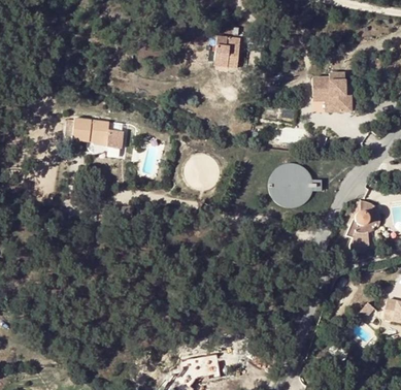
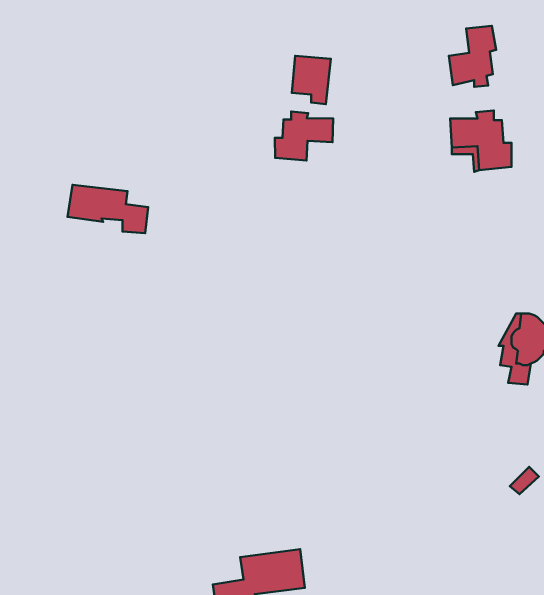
building: none -> [449,26,496,87]
building: none -> [275,112,333,161]
building: [267,163,322,208] -> none

